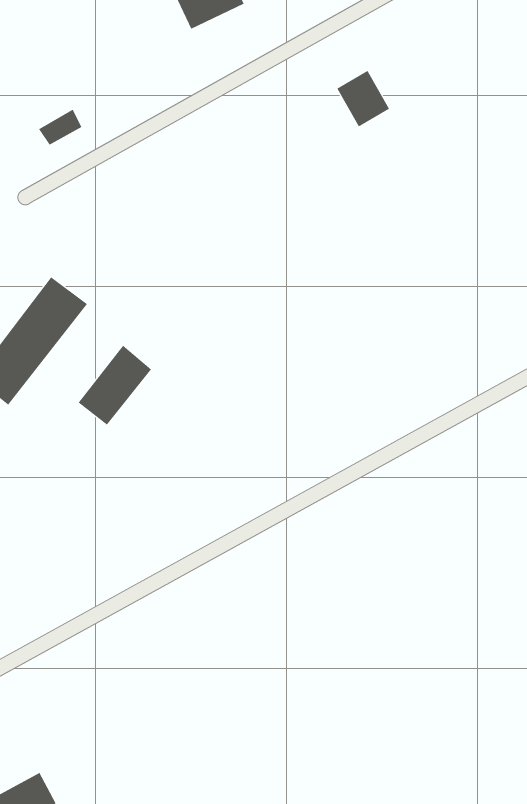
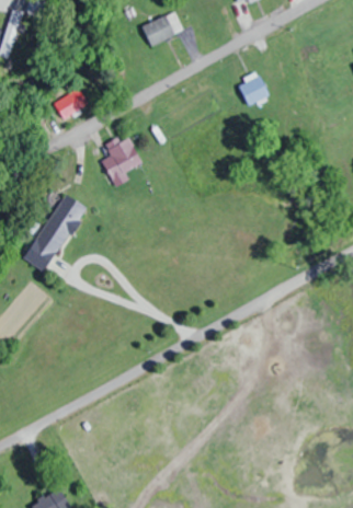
building: none -> [96,137,143,182]
building: [78,345,152,425] -> none

